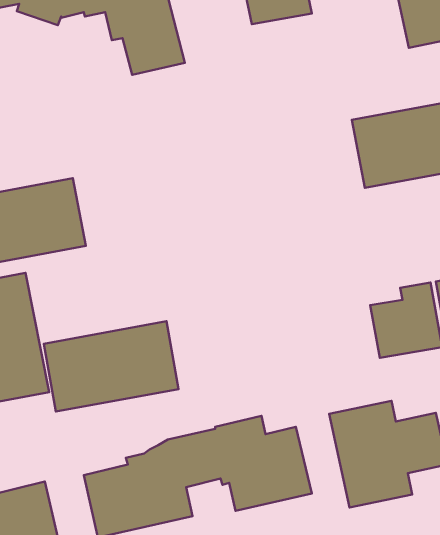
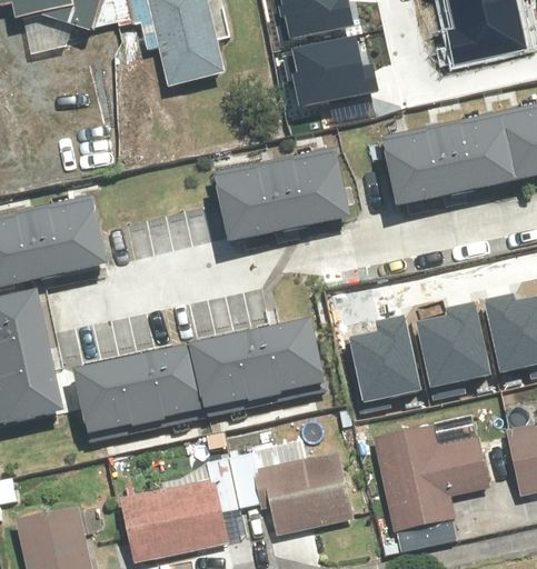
building: none -> [286,34,367,109]
building: none -> [231,146,371,240]
building: none -> [203,317,340,410]
building: none -> [348,325,414,397]

